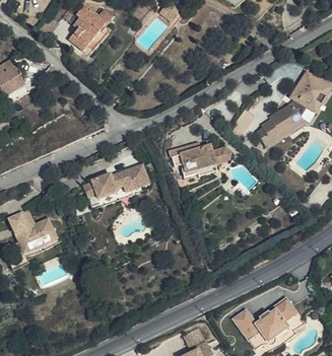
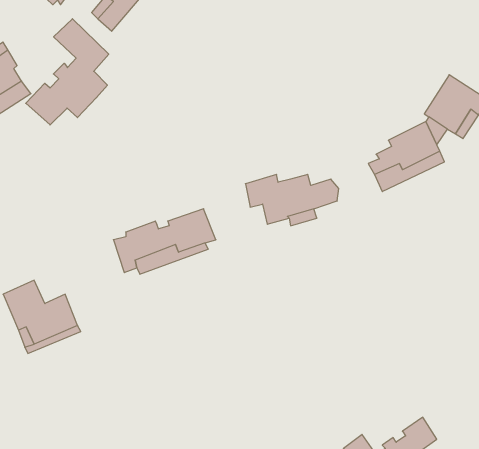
building: none -> [26,19,109,125]

